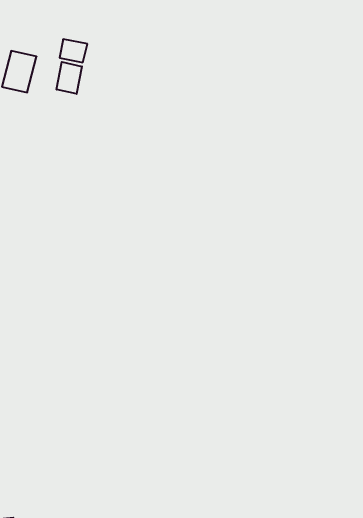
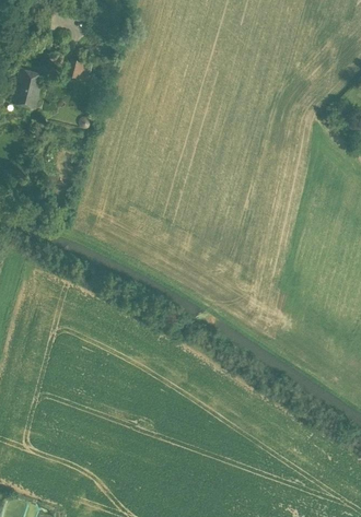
building: [57,62,82,94] -> none

